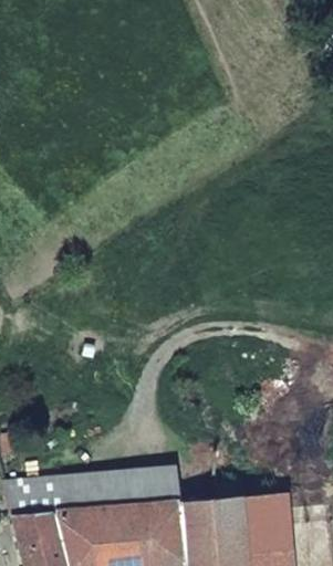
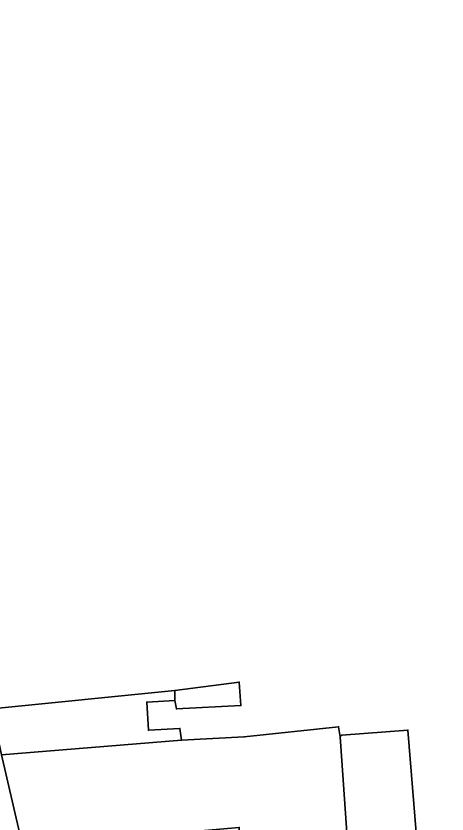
building: [113,476,178,503] -> none

